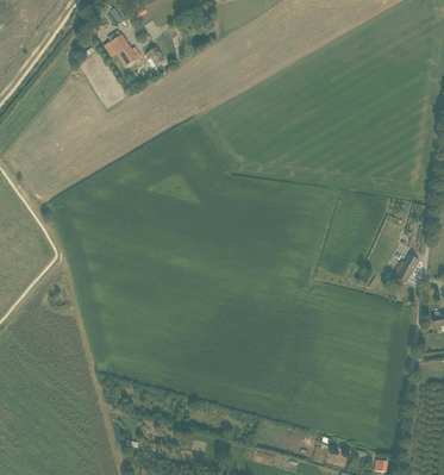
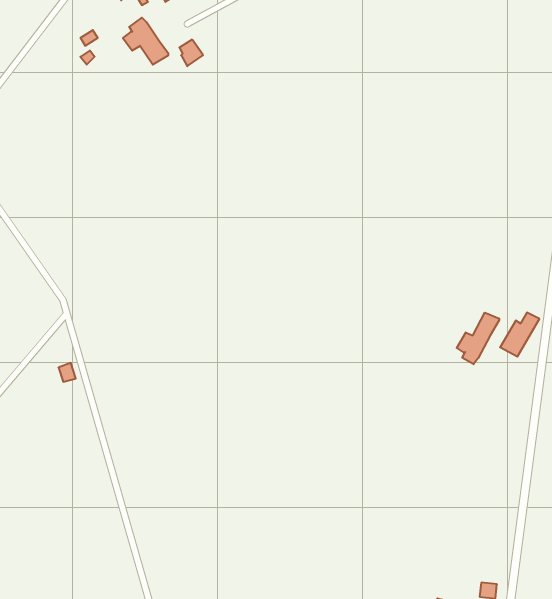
building: none -> [457,313,499,364]

